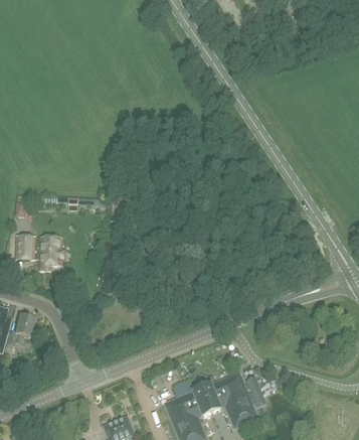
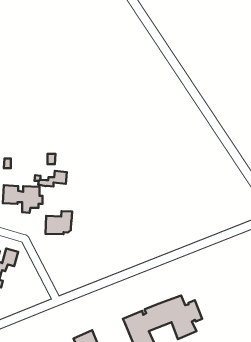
building: none -> [35,171,67,187]
building: none -> [45,211,72,234]

